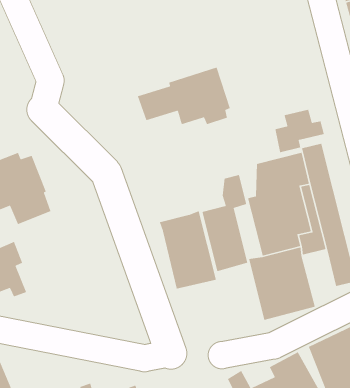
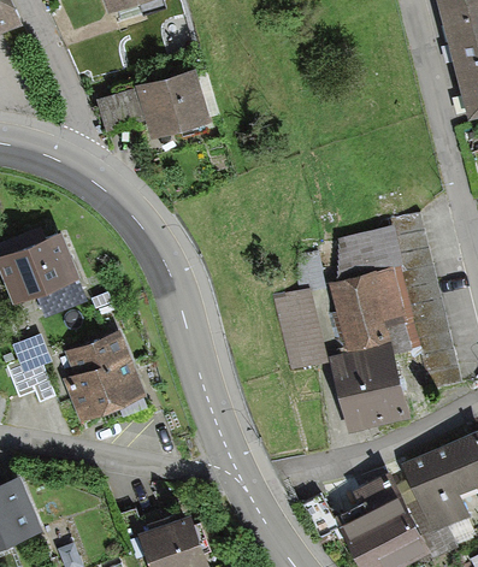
building: [137,66,231,125] -> [95,65,211,137]
building: [274,109,325,153] -> none
building: [159,210,217,289] -> none
building: none -> [61,329,146,421]

